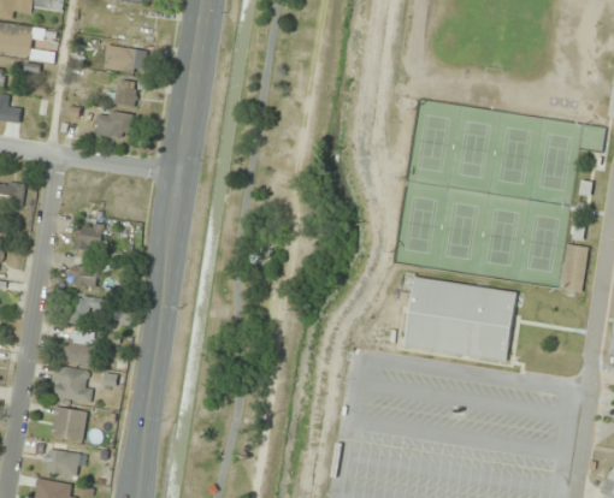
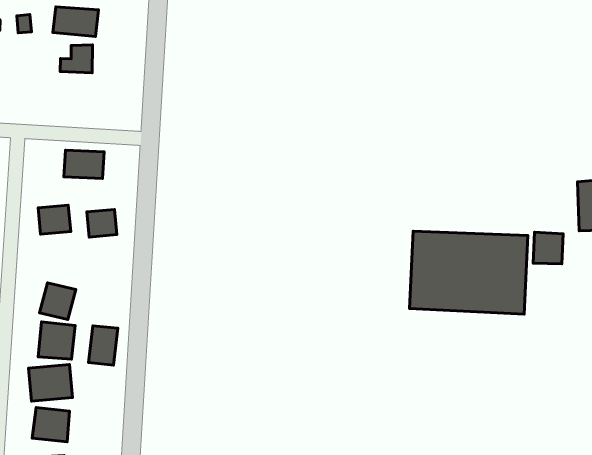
building: [95,109,134,138] -> [64,150,104,179]
building: [71,263,96,286] -> [87,210,117,237]
building: none -> [533,232,563,264]
building: none -> [89,326,118,365]

